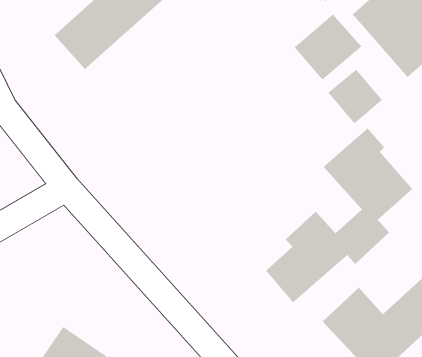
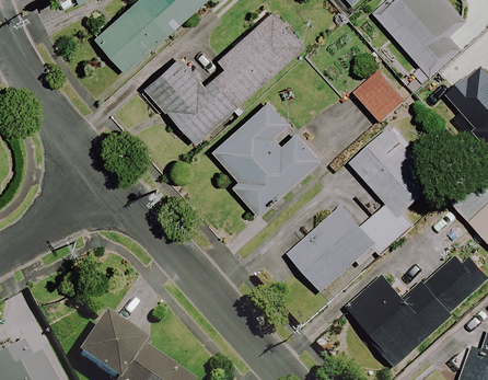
building: none -> [146,12,302,142]
building: [294,13,362,81] -> none
building: none -> [212,100,321,214]

